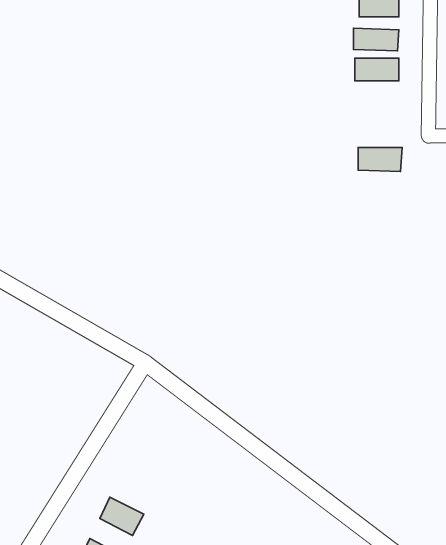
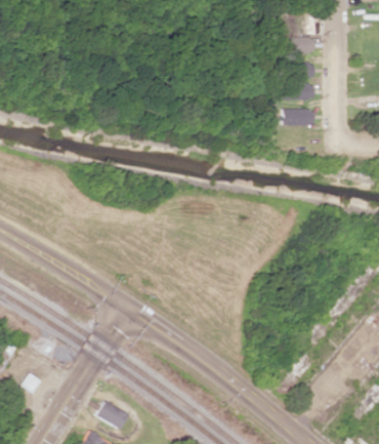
building: [358,147,402,172] -> [283,109,314,126]

